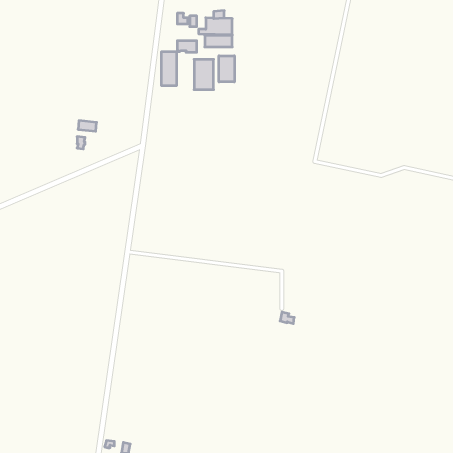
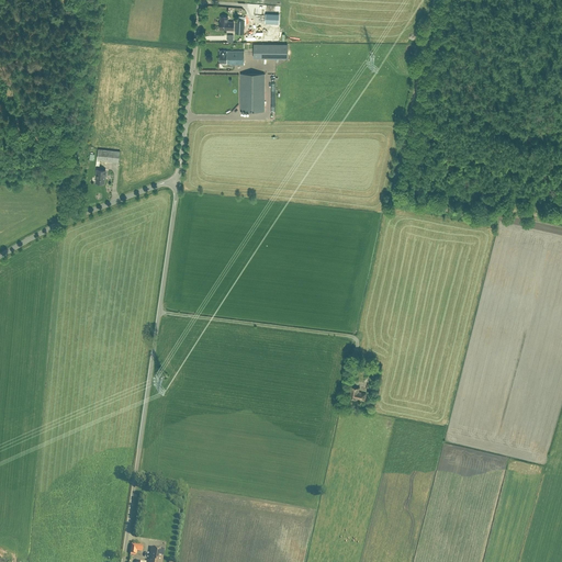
building: [162,52,176,86] -> none
building: [219,56,234,82] -> none

